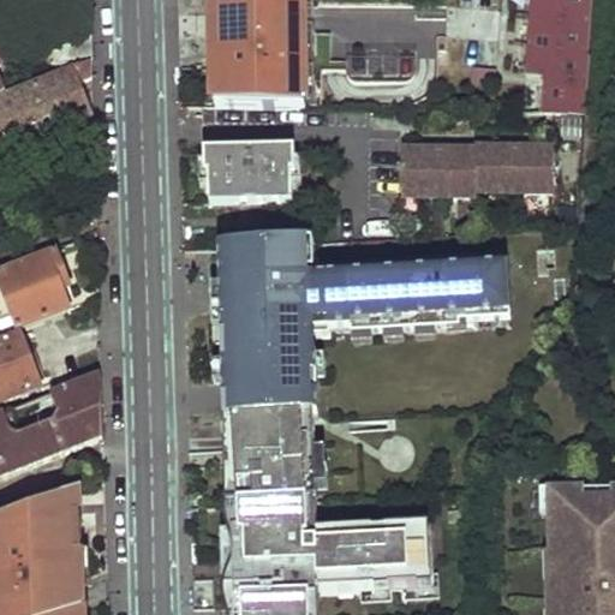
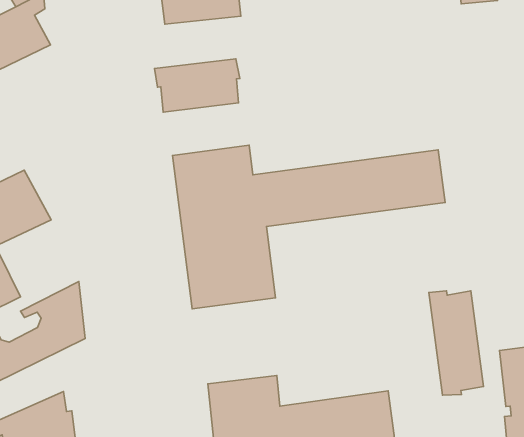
building: [401,142,553,192] -> none
building: [221,408,309,495] -> none
building: none -> [429,291,484,395]

